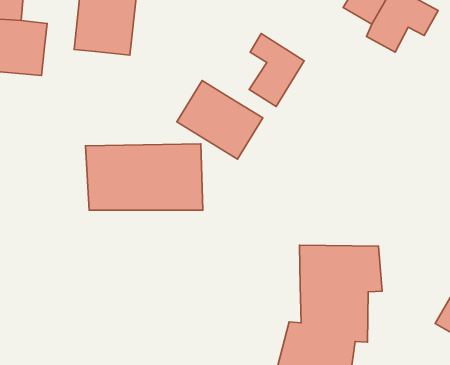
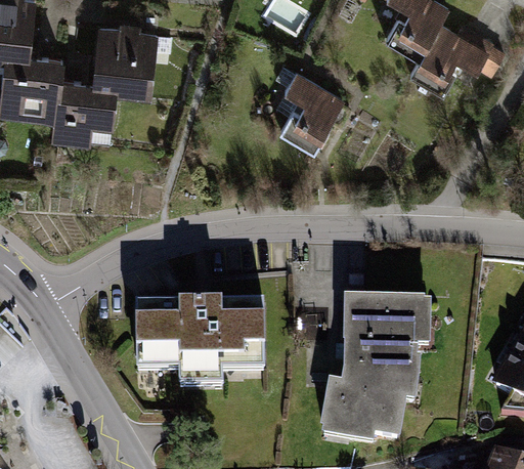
building: none -> [54,84,116,146]
building: [177,80,263,159] -> none
building: [86,144,203,210] -> [134,297,263,370]

